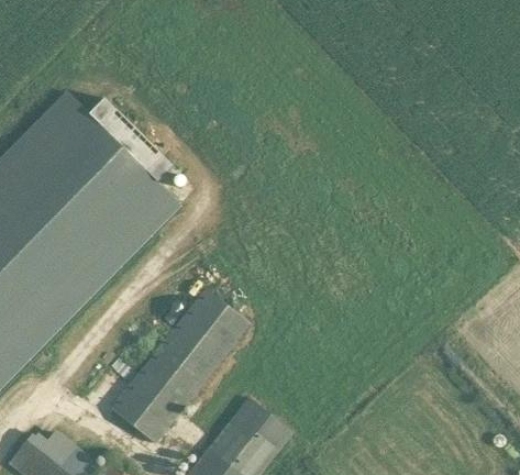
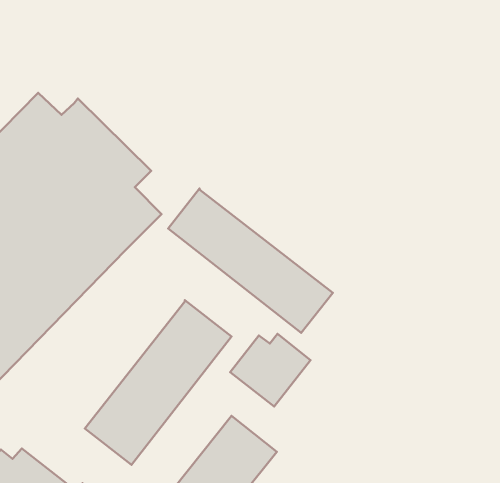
building: none -> [168,189,333,333]
building: none -> [230,334,310,407]

